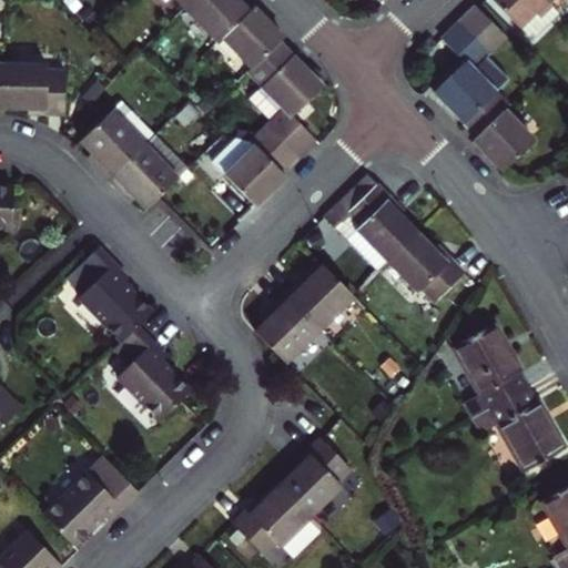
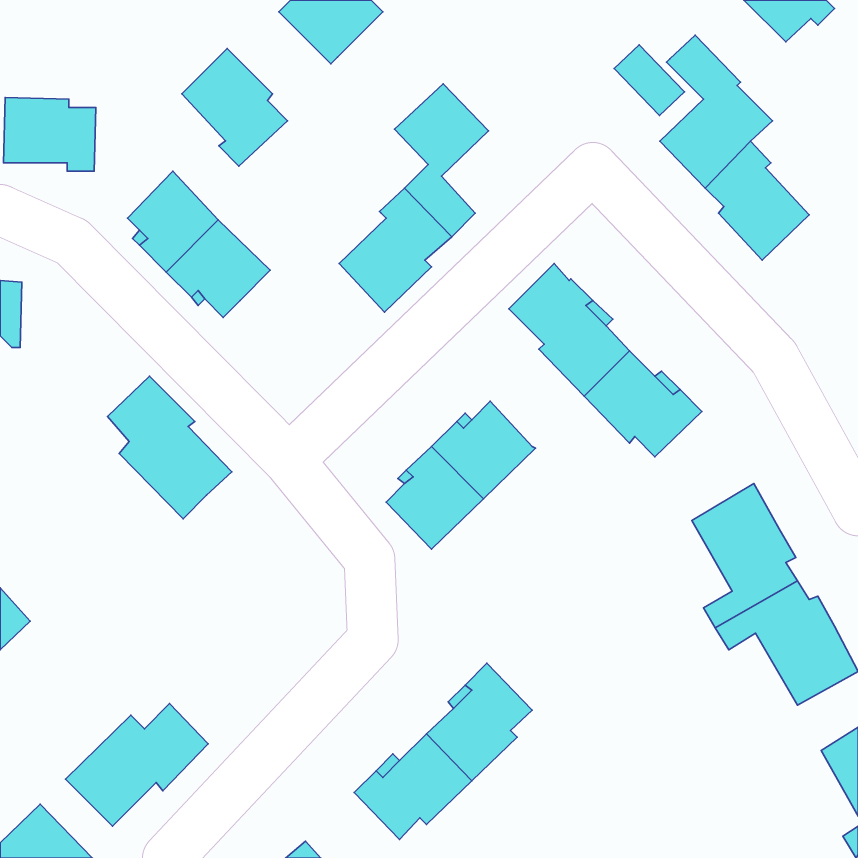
building: [223,8,293,85] -> [182,49,288,166]
building: [459,8,506,54] -> [614,45,685,115]
building: [109,327,192,423] -> none

